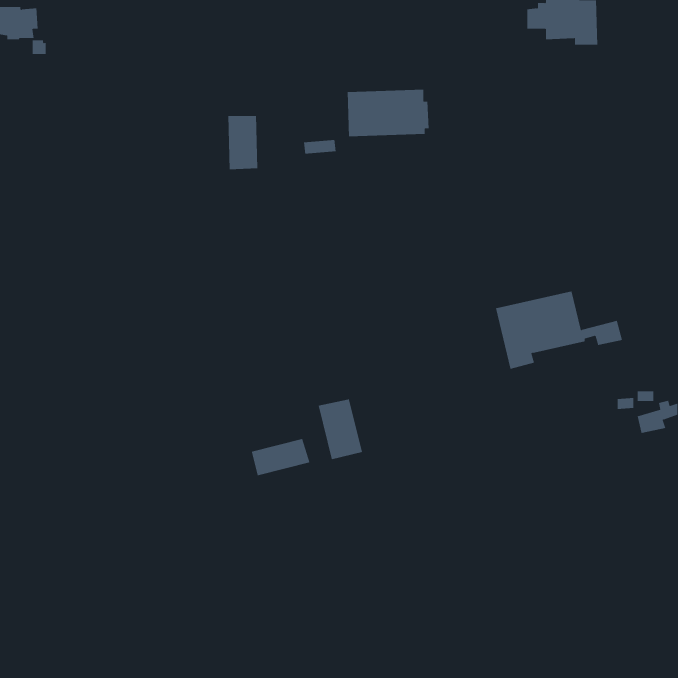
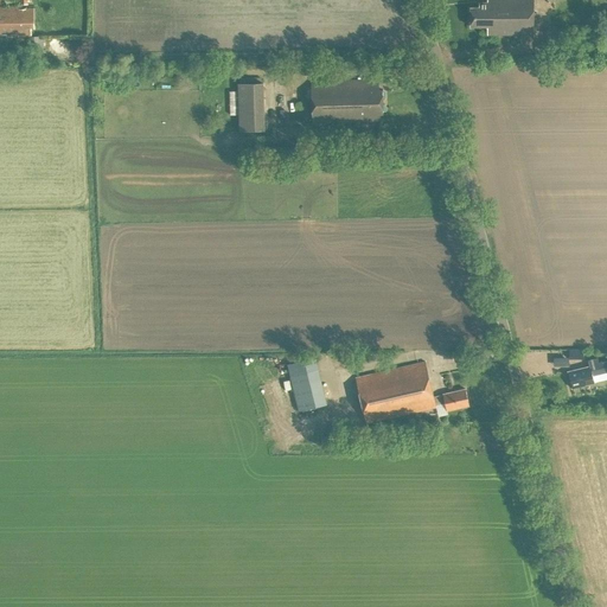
building: [228,115,258,170] -> [238,82,266,130]
building: [495,291,623,369] -> [354,363,468,433]
building: [251,438,310,476] -> none

